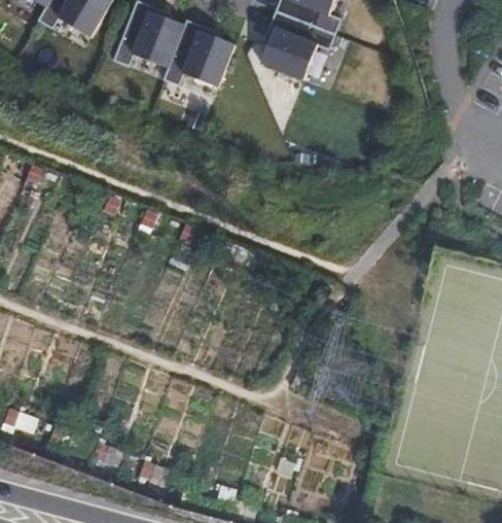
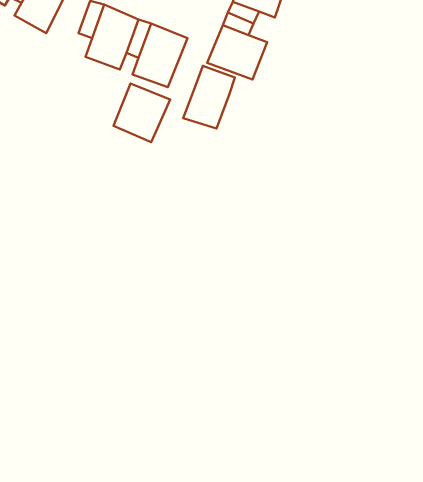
building: none -> [183,66,235,128]
building: none -> [114,84,170,142]

